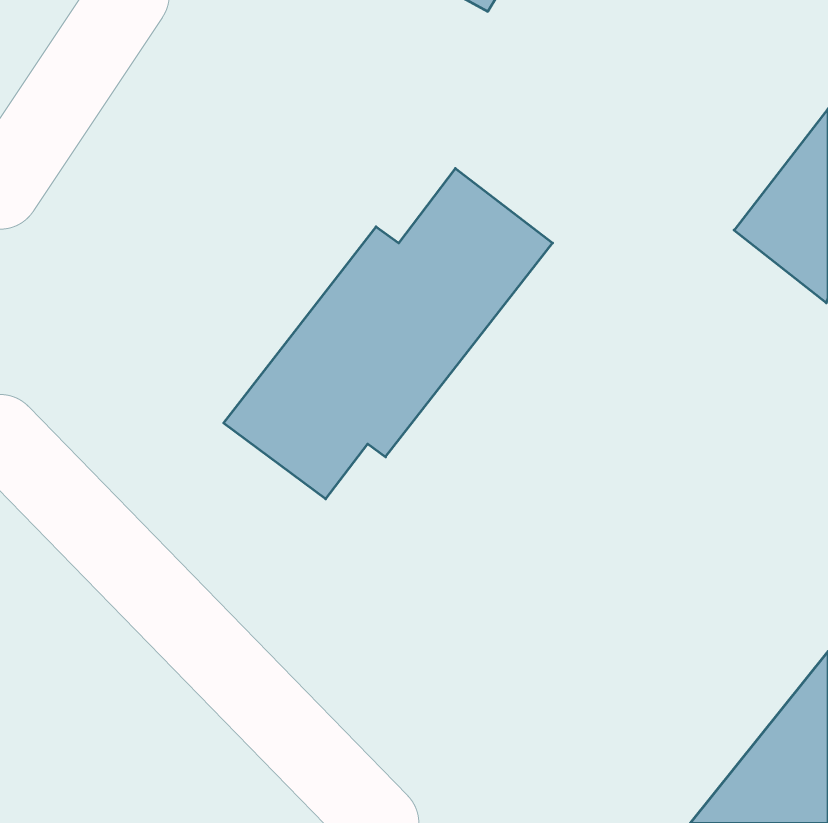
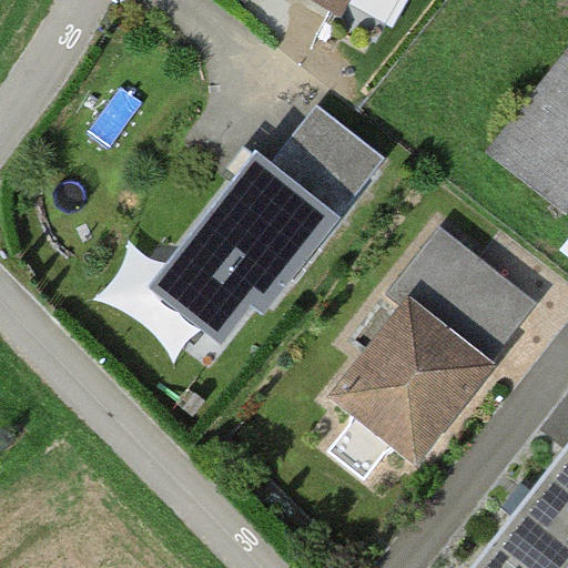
building: none -> [341,229,521,457]

